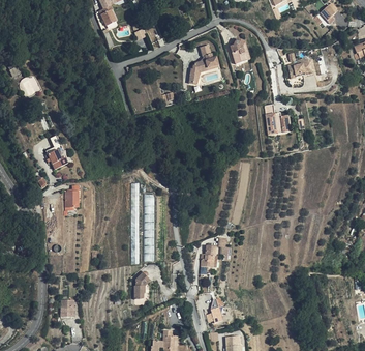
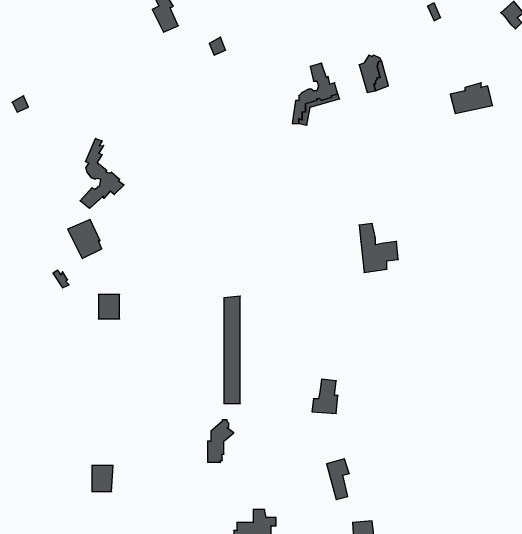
building: none -> [80,138,124,208]
building: [265,103,290,134] -> [359,224,398,272]

